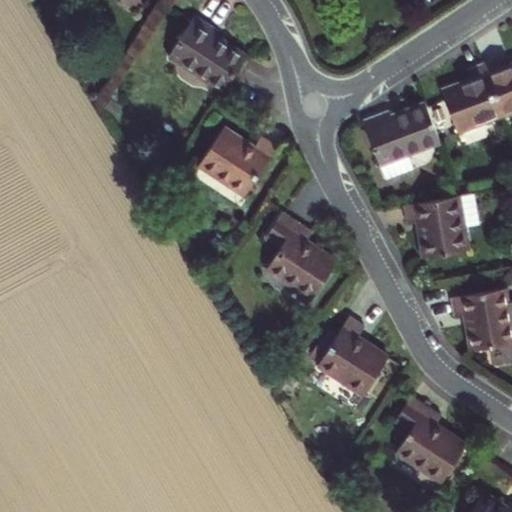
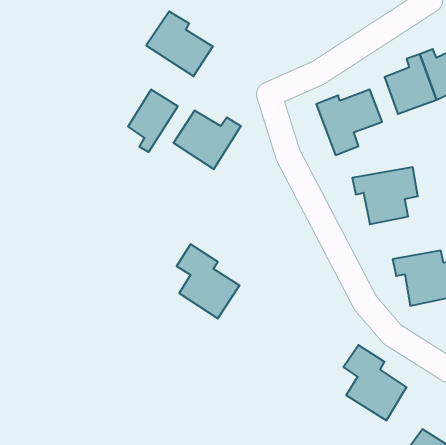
building: none -> [128,89,178,152]
building: [265,214,337,299] -> [177,244,240,319]
building: [319,318,388,395] -> none

